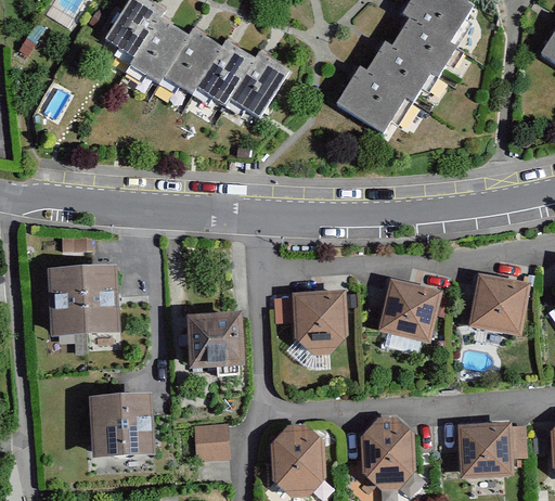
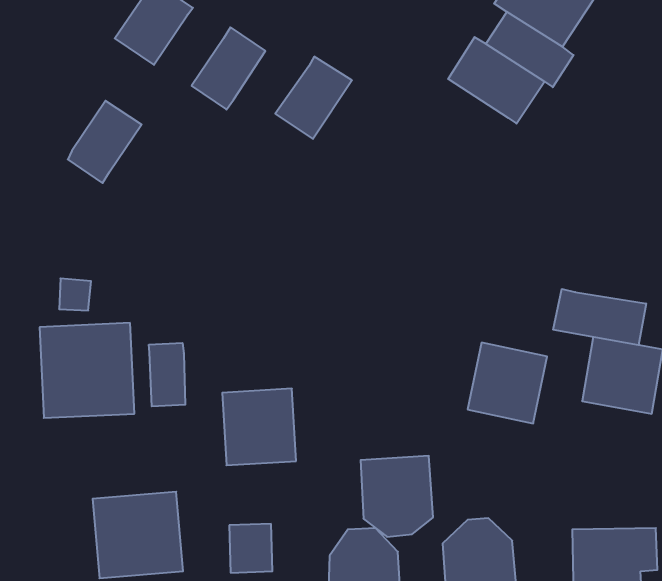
building: [131,23,189,87] -> [68,101,142,183]
building: [196,43,255,107] -> none
building: [335,70,410,140] -> none
building: none -> [553,289,646,345]
building: none -> [149,343,185,406]
building: [292,288,348,351] -> [361,456,433,537]

